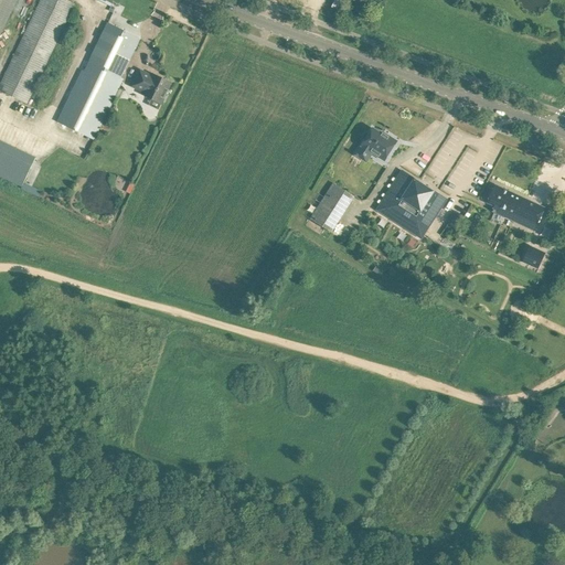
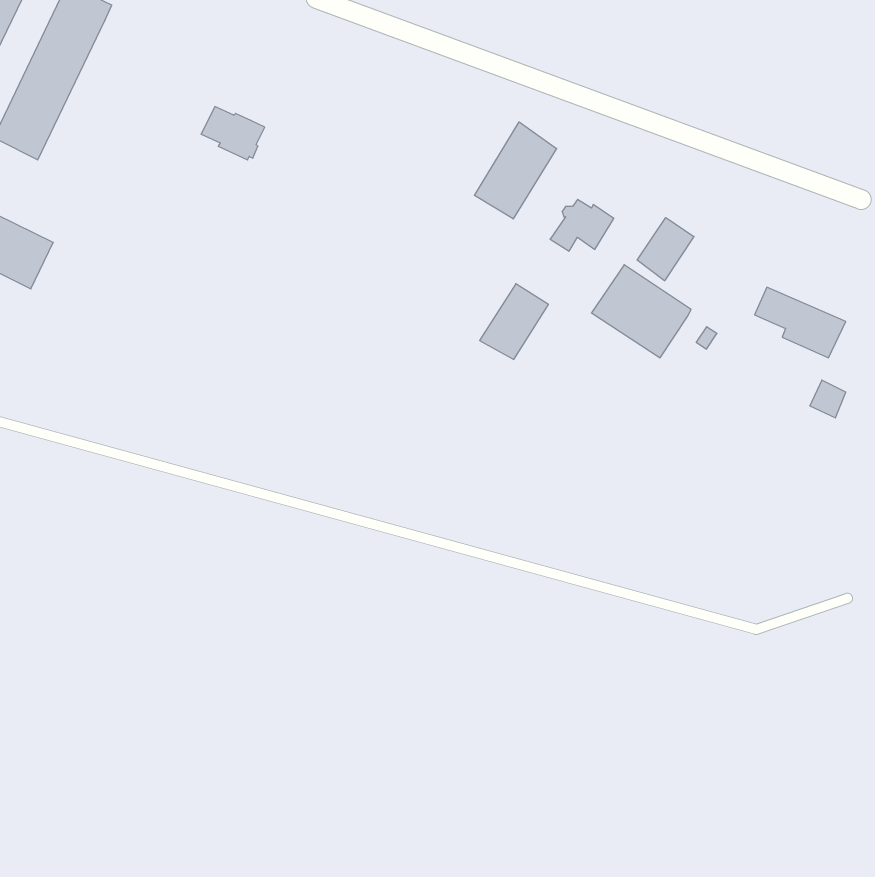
building: [55,22,138,138] -> none
building: none -> [474,122,557,219]
building: none -> [637,218,694,281]

